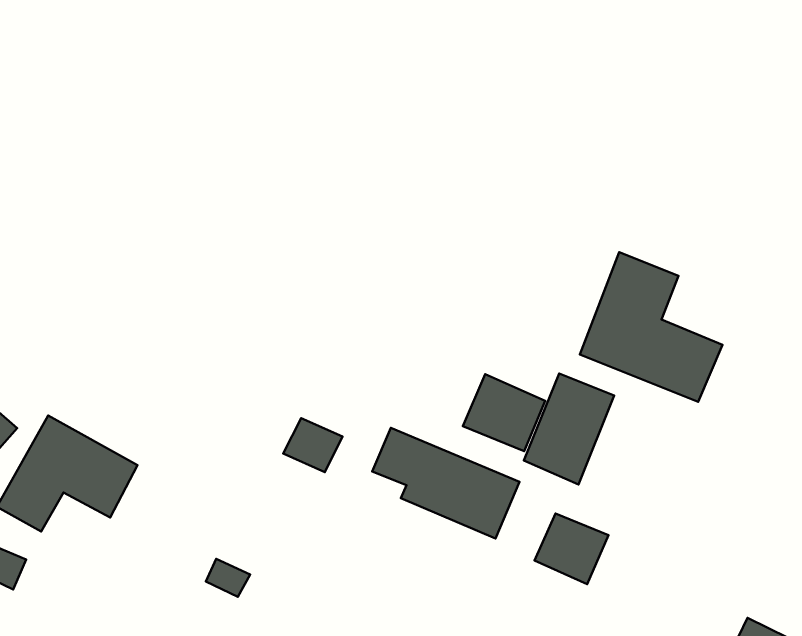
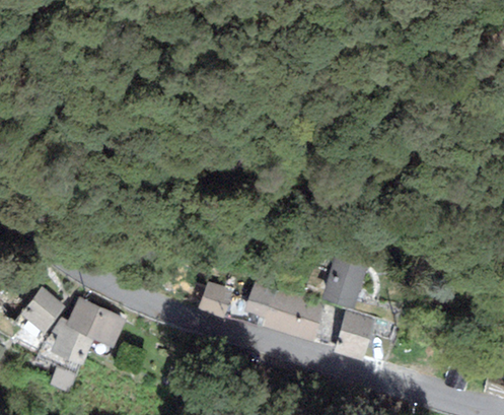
building: [580,252,722,402] -> none
building: [463,374,545,451] -> none

